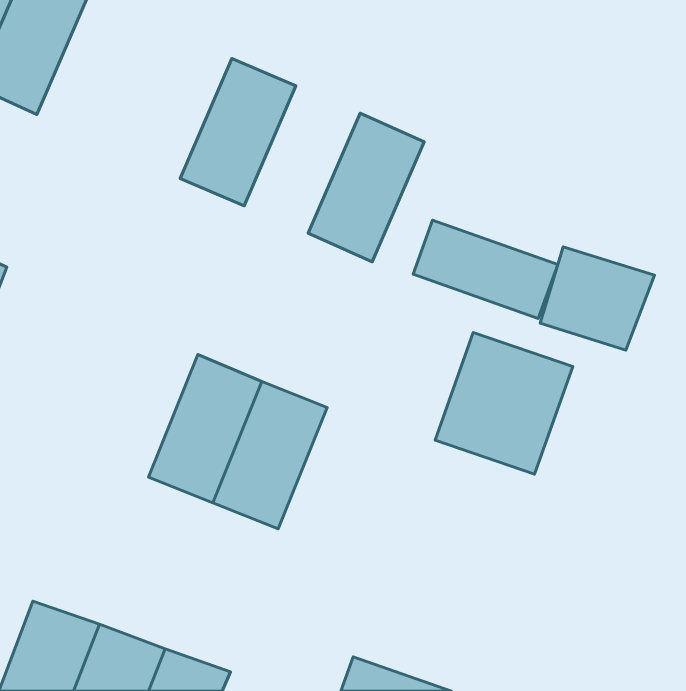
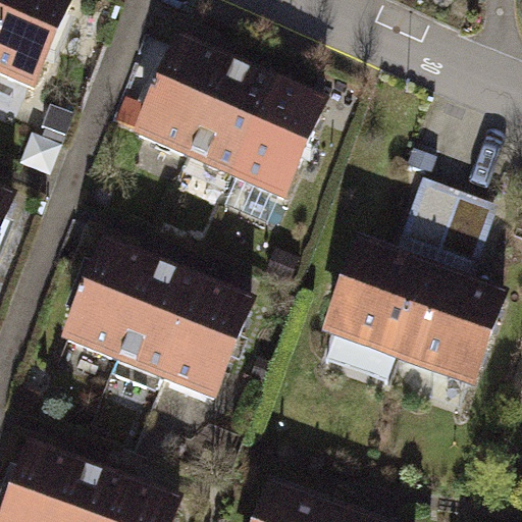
building: none -> [182,64,269,174]
building: [413,220,558,318] -> none
building: none -> [62,246,148,357]
building: none -> [400,274,503,382]

